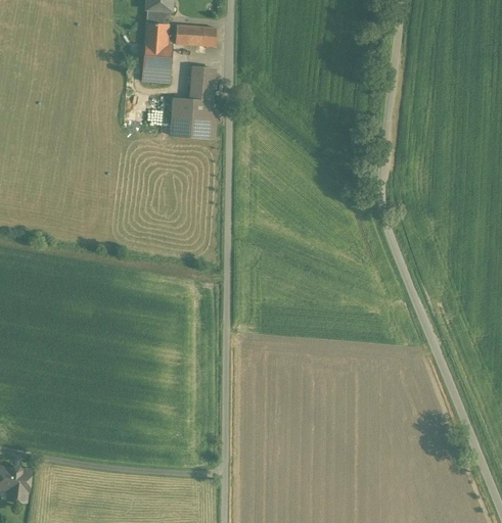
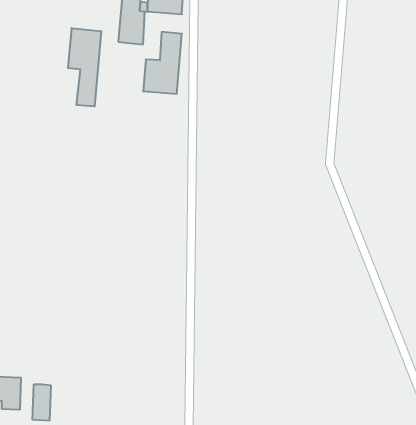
building: none -> [68,28,101,107]
building: none -> [33,384,51,421]

